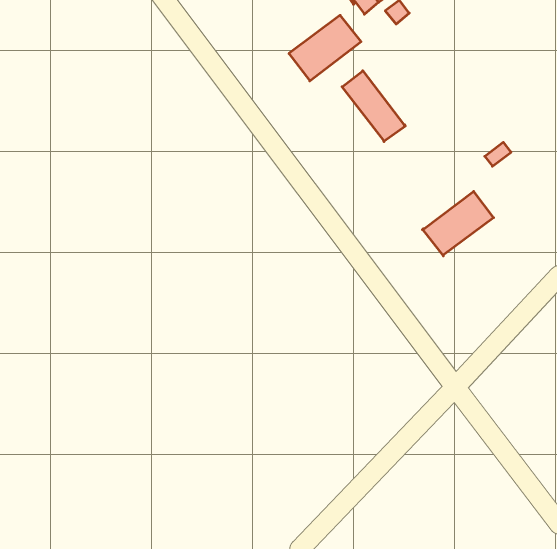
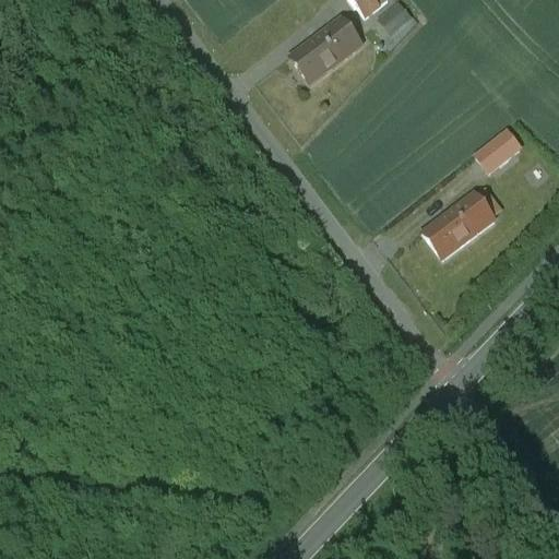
building: [342,71,405,142] -> none

